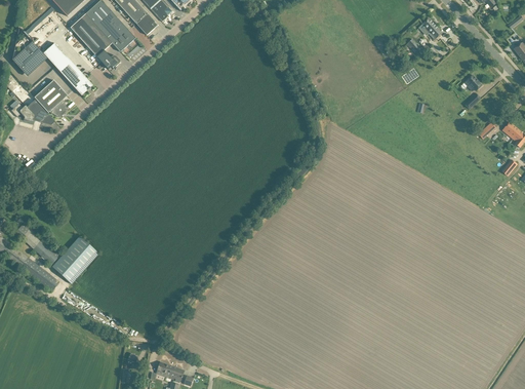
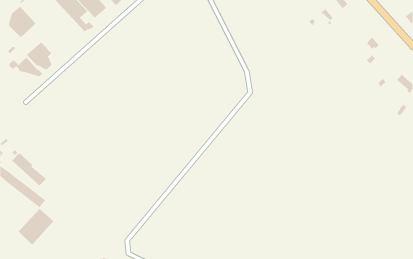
building: [42,42,91,94] -> none
building: [51,236,97,283] -> [18,208,54,245]

